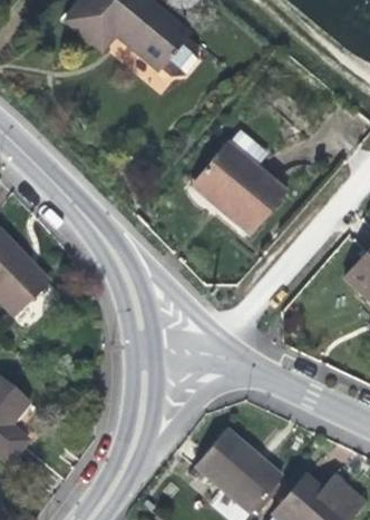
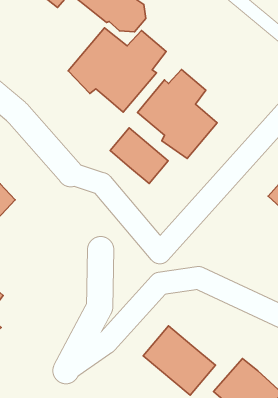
building: none -> [68,28,166,112]
building: none -> [110,128,168,184]

